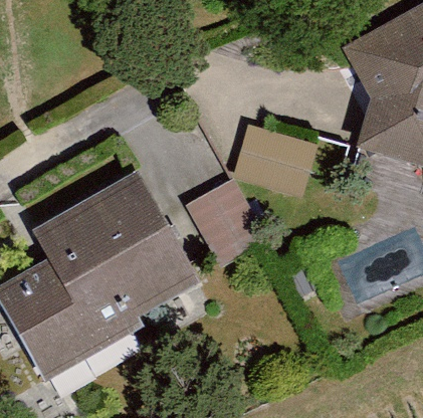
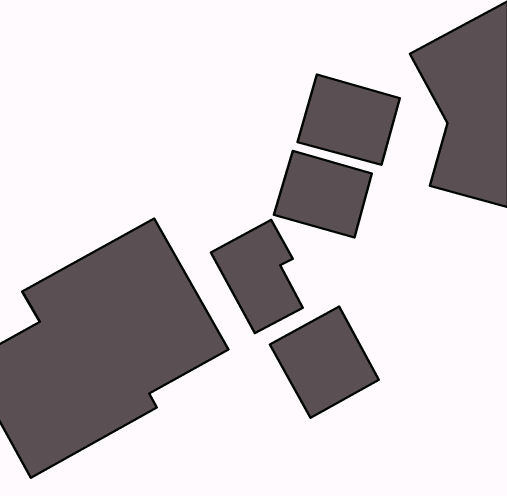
building: none -> [298,74,400,165]
building: none -> [270,307,379,418]

